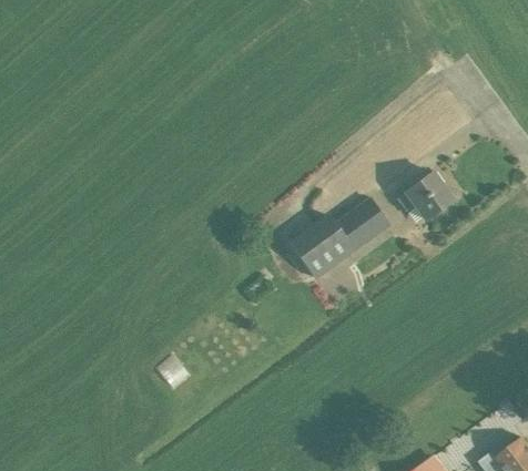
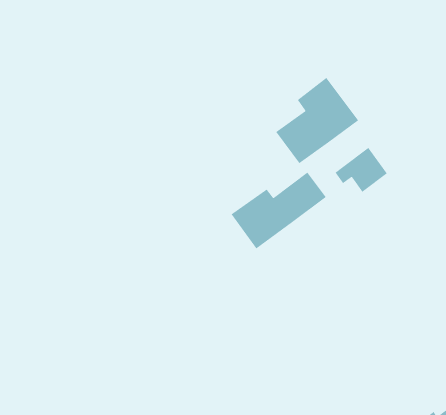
building: none -> [275,77,359,164]

